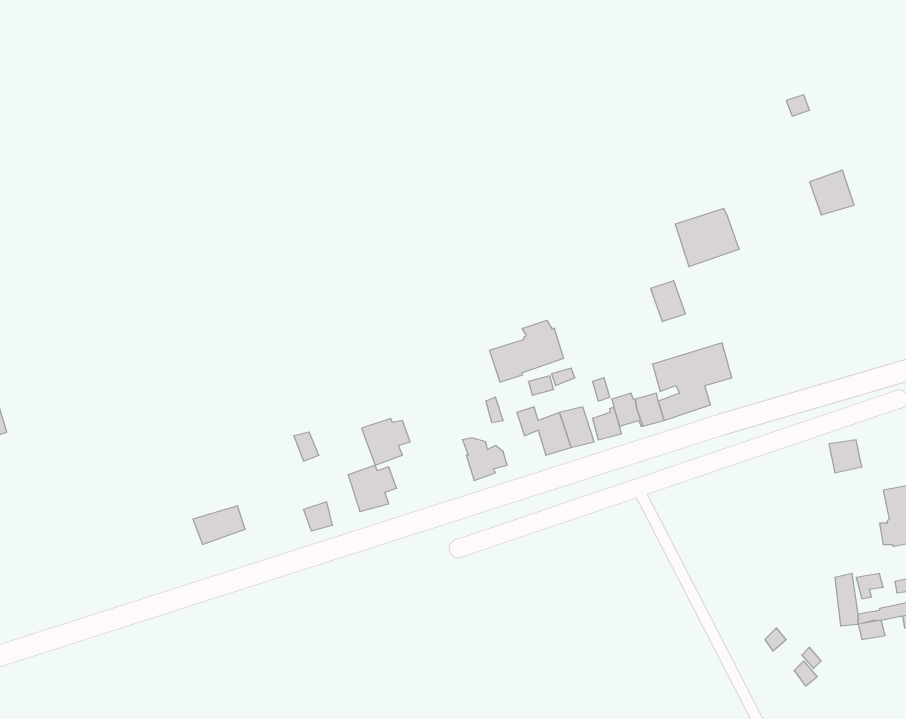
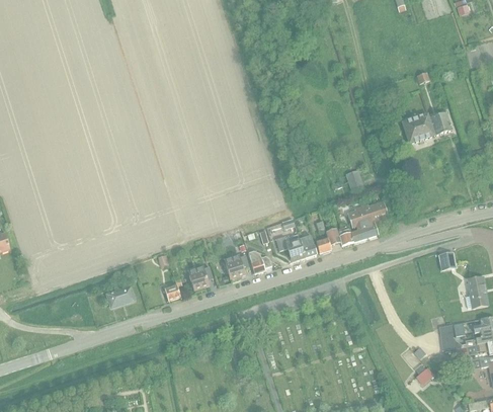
building: [675,208,739,267] -> [401,113,434,144]
building: [490,320,563,382] -> none
building: [362,418,410,465] -> [223,254,248,278]

